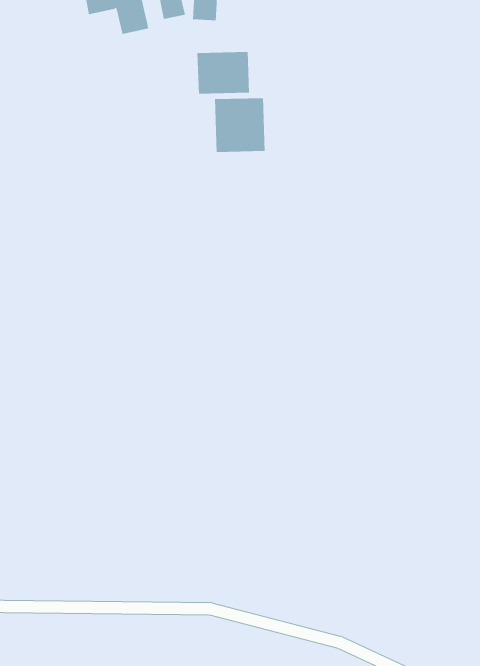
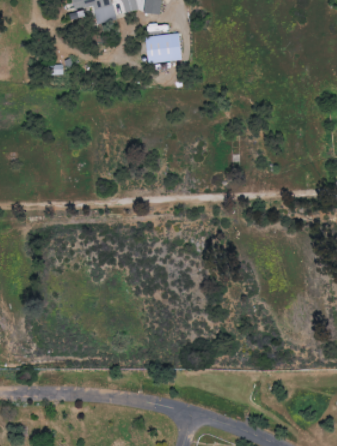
building: [215,97,265,153] -> none

